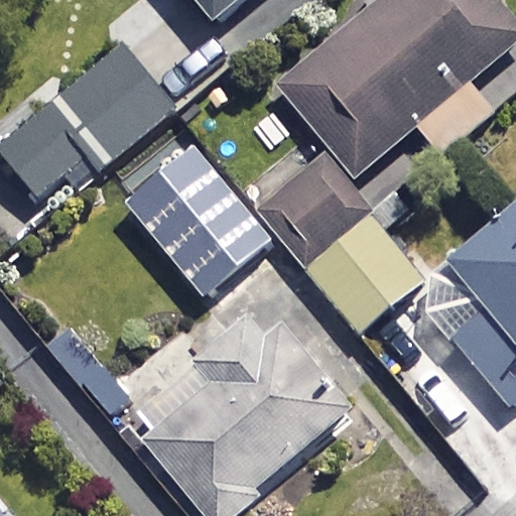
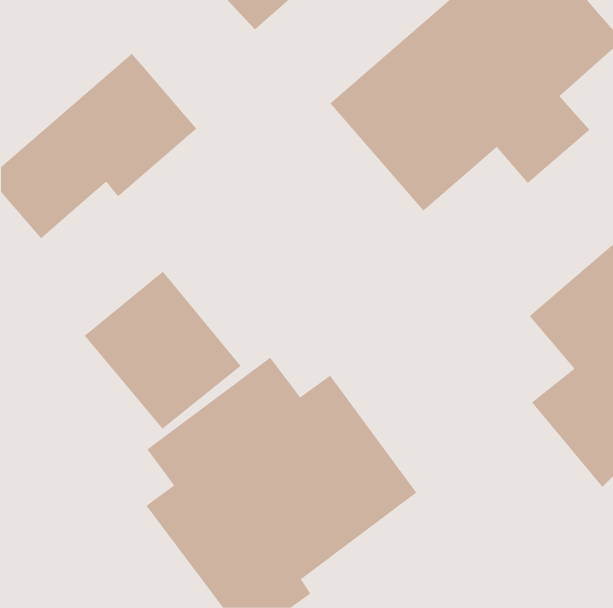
building: [257,157,423,332] -> none
building: [148,169,280,302] -> [84,271,241,430]

